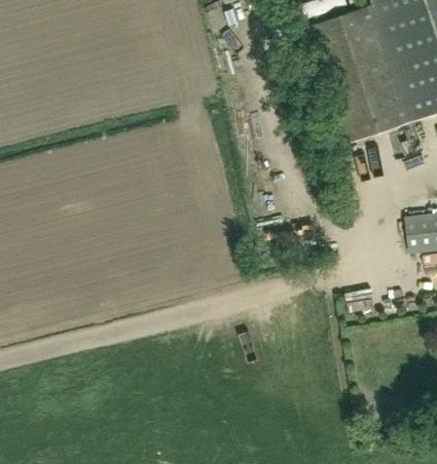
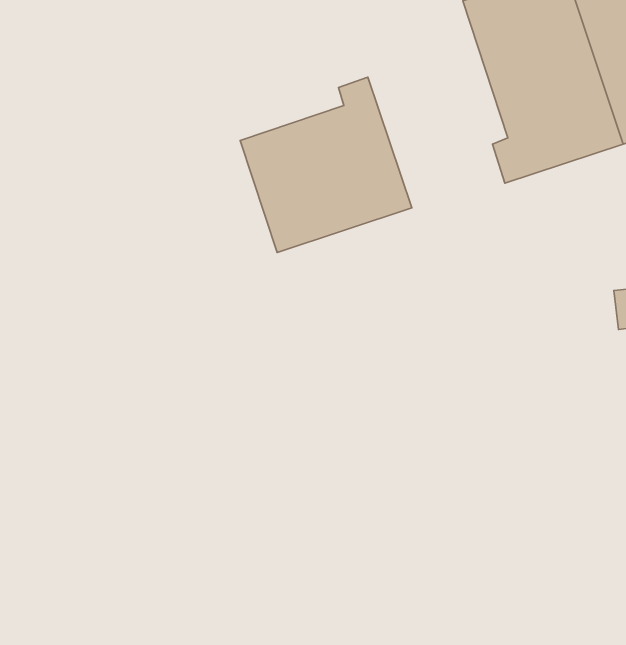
building: none -> [240,77,412,253]

